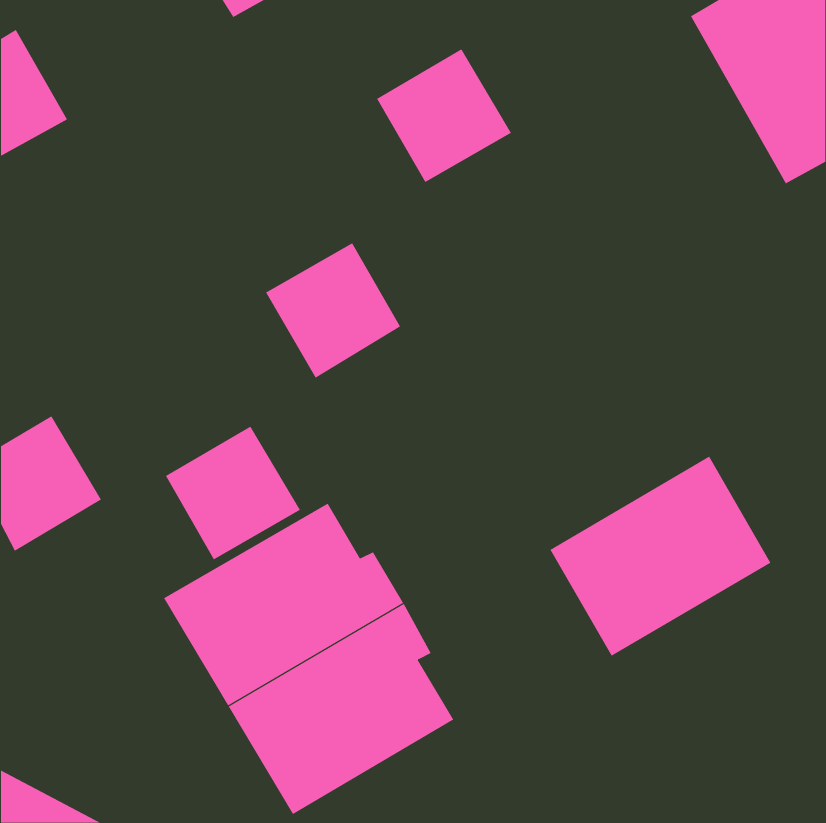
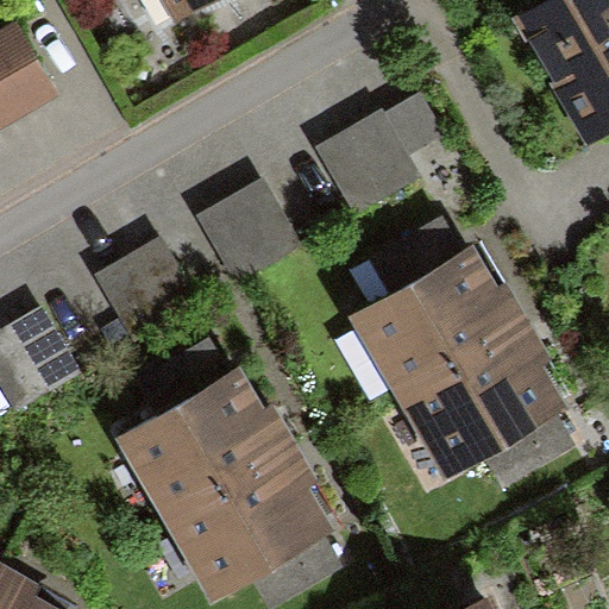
building: [376,49,512,183] -> [315,112,415,211]
building: none -> [359,257,522,404]
building: [165,426,301,560] -> [93,237,193,335]

